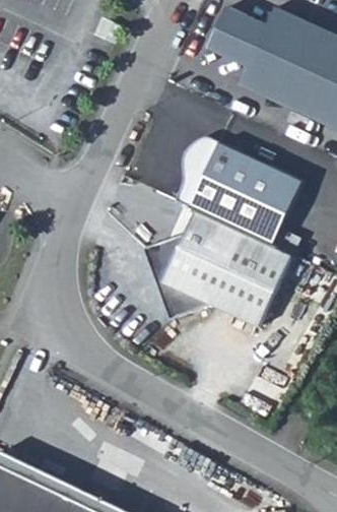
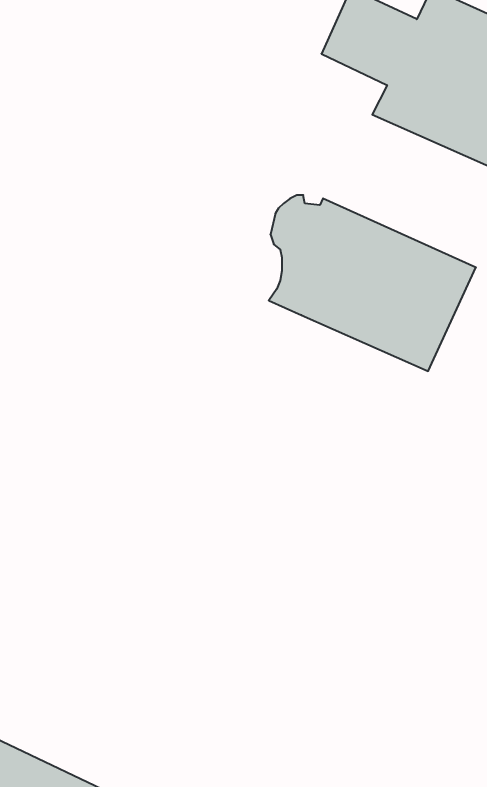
building: [141,208,292,323] -> none

